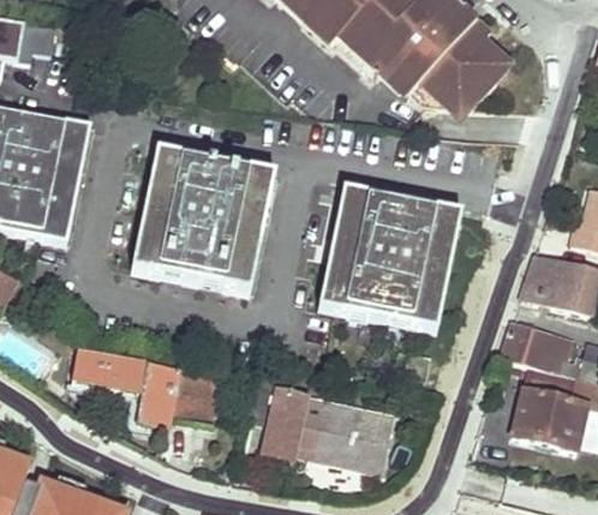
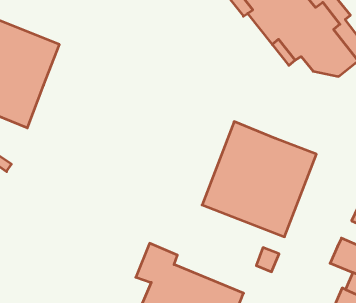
building: [131,152,276,295] -> none
building: [71,352,221,431] -> none

